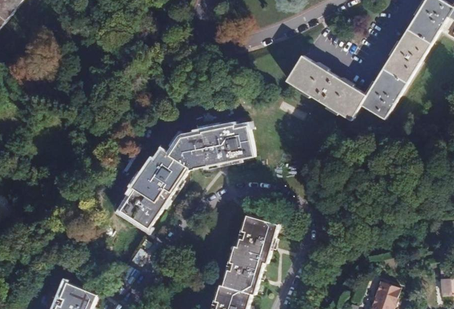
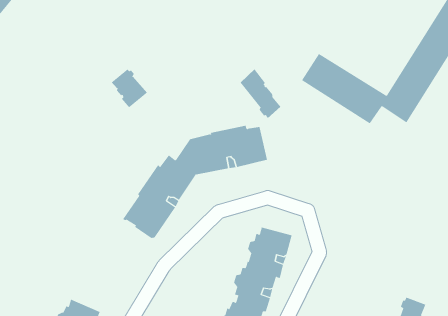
building: none -> [111,69,148,108]
building: none -> [240,69,281,119]

